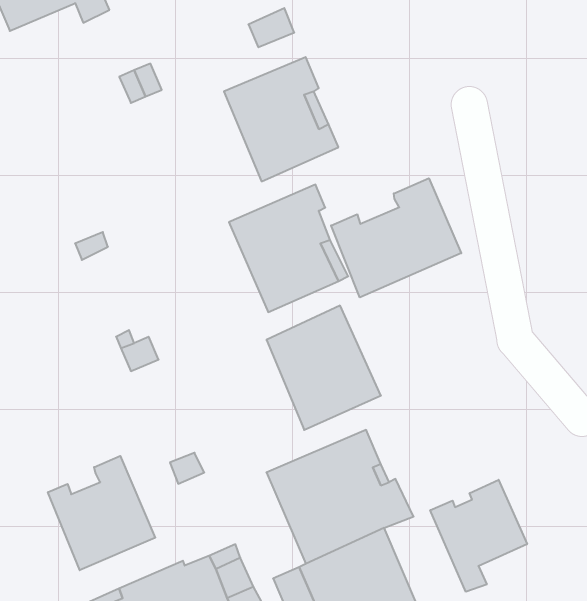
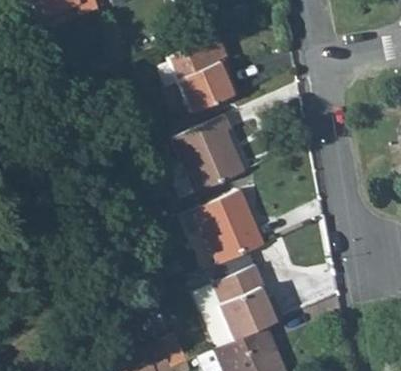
building: [331,178,461,297] -> none
building: [48,456,155,570] -> none
building: [430,480,527,592] -> none

